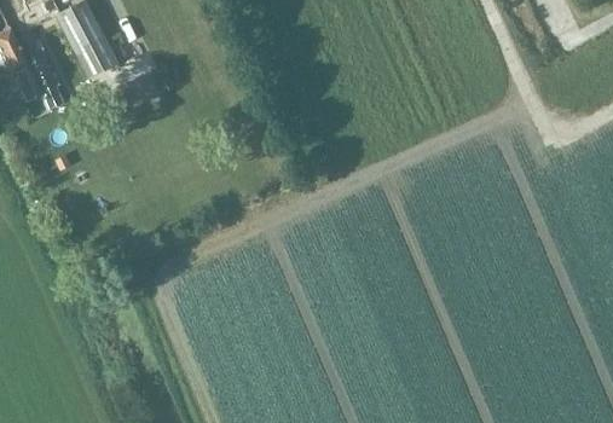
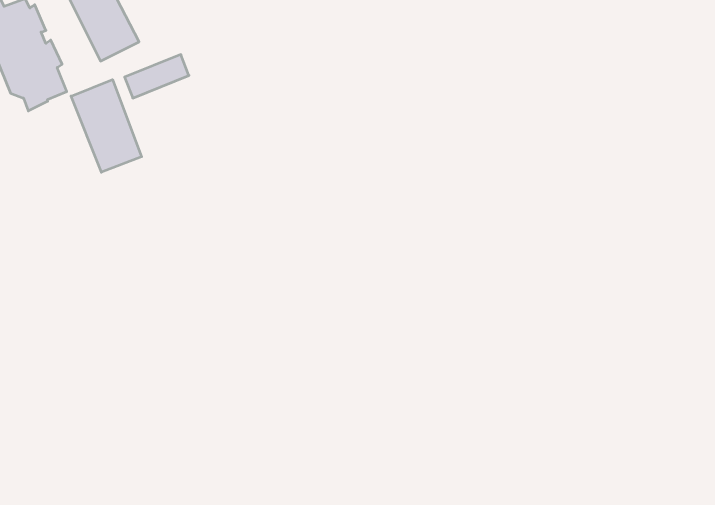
building: none -> [71,80,142,172]

